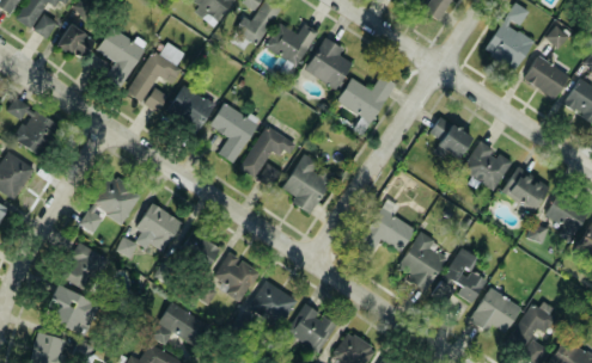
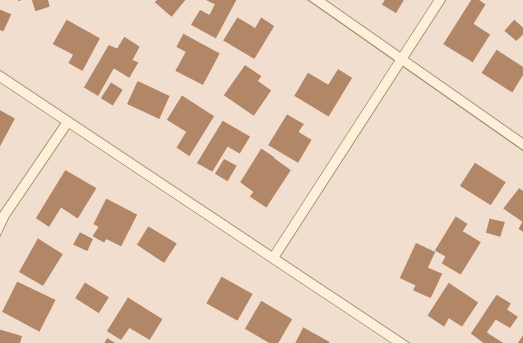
building: [56,23,86,59] -> none
building: [304,37,353,90] -> [223,64,272,117]
building: none -> [175,33,221,86]
building: [431,118,472,158] -> none
building: none -> [267,113,312,164]
building: [460,140,512,190] -> none
building: [367,198,415,250] -> none
building: [399,232,447,291] -> [434,216,482,276]
building: [214,252,260,302] -> none
building: none -> [74,282,110,314]

